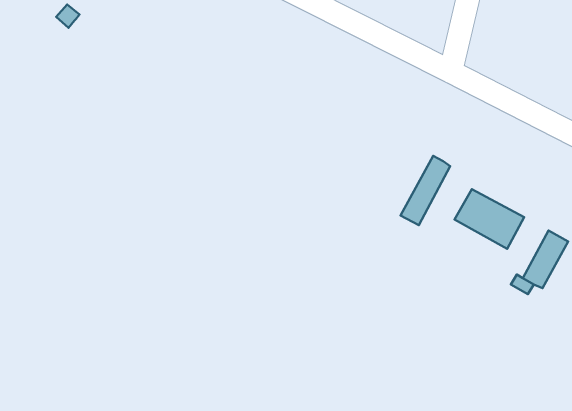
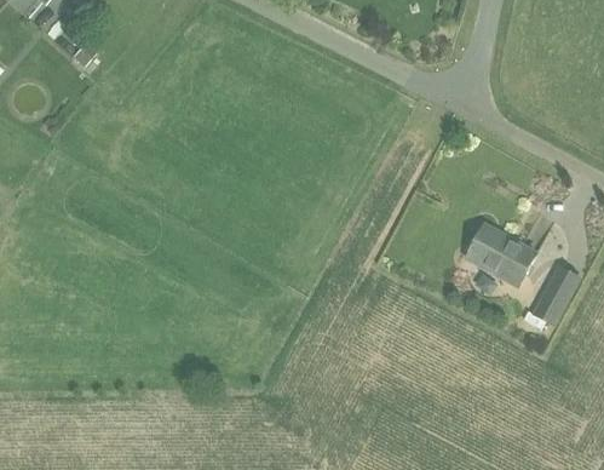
building: [400,156,450,225] -> none

